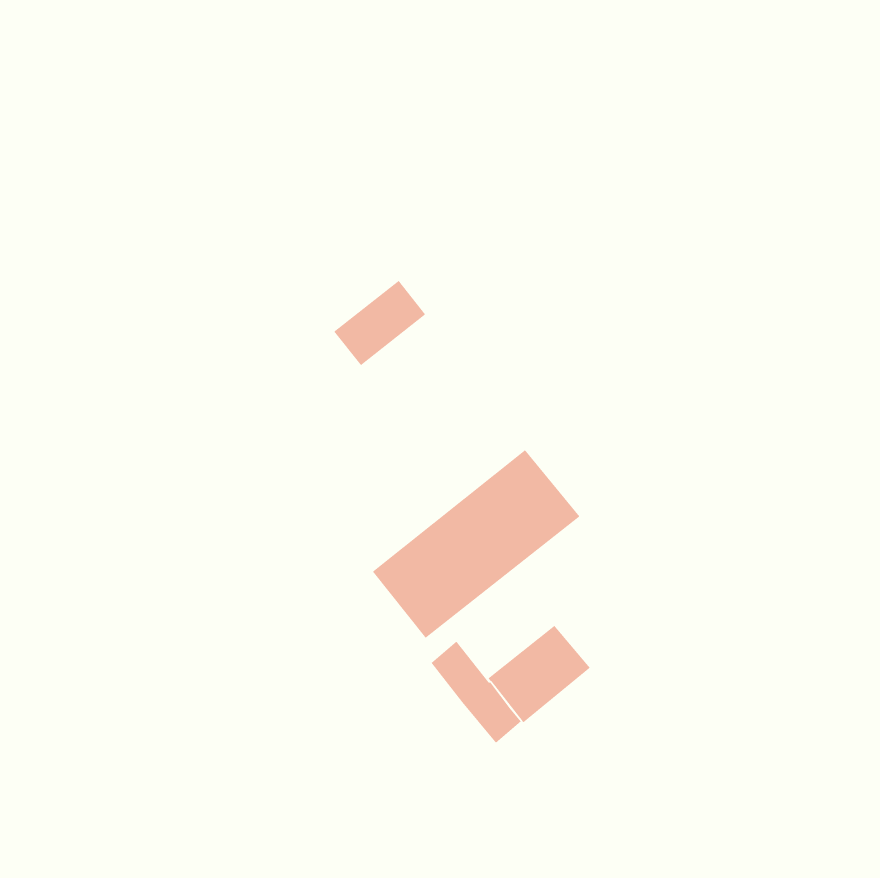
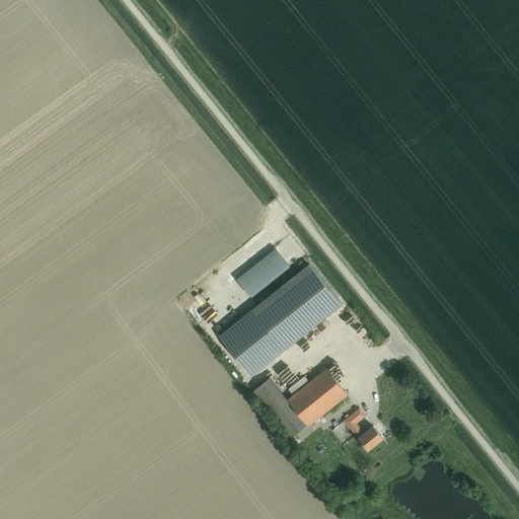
building: [333,280,426,366] -> [235,247,290,298]
building: none -> [344,409,383,451]

